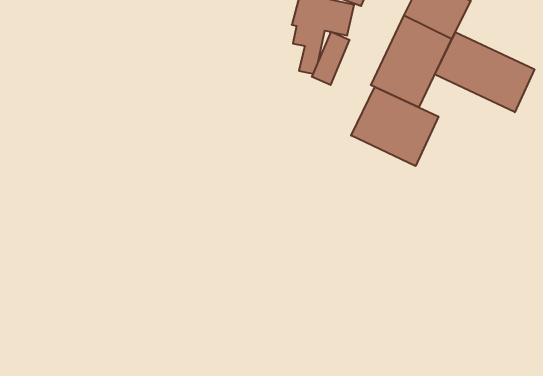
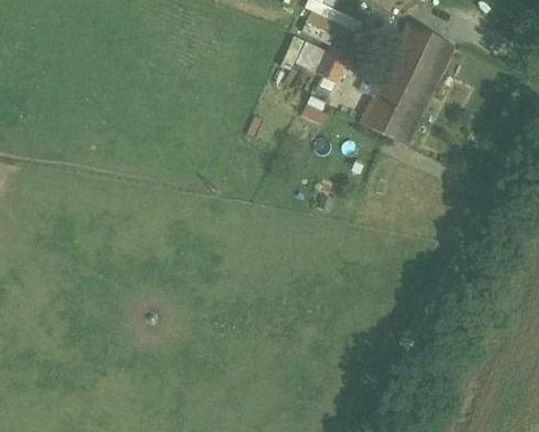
building: [435,32,534,112] -> none
building: [351,87,438,166] -> none

